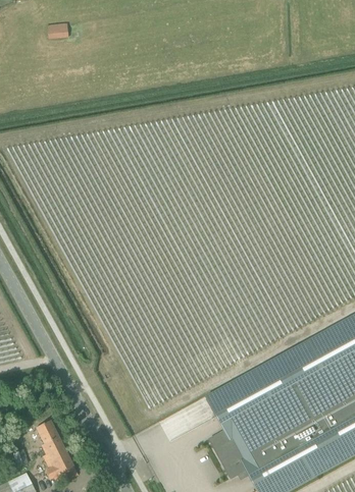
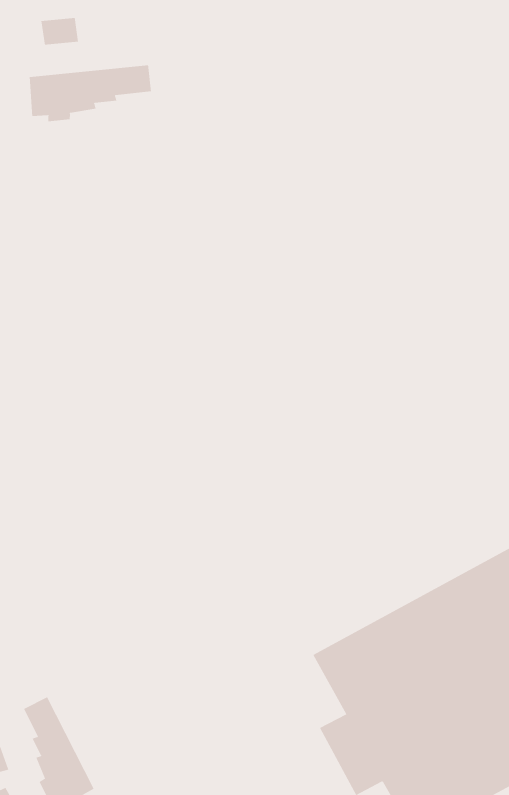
building: none -> [29,64,151,122]

